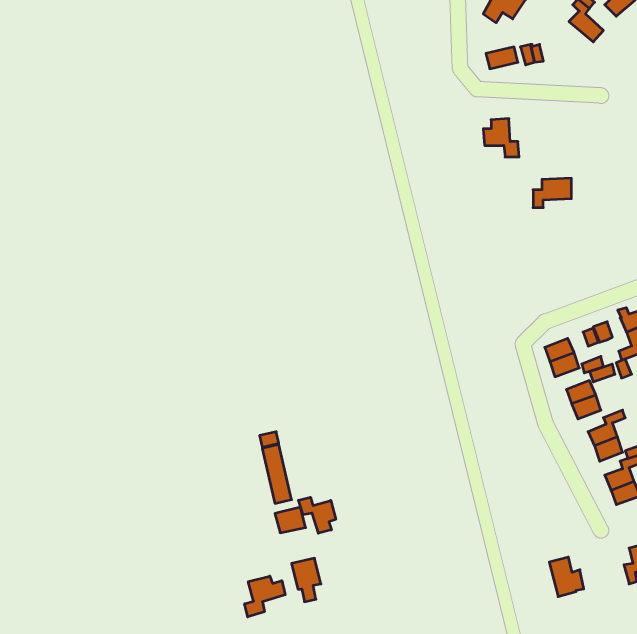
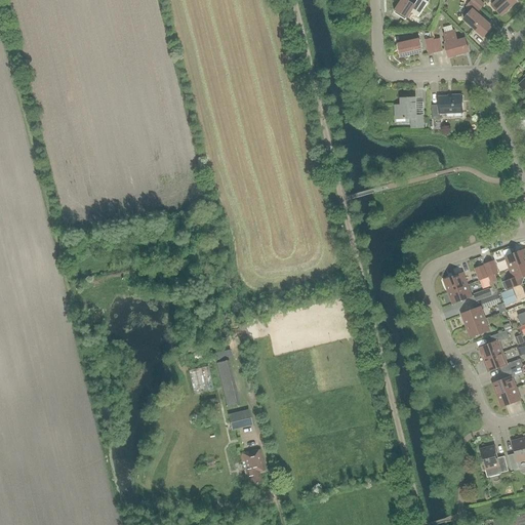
building: none -> [443,28,469,55]
building: [533,178,571,208] -> [432,94,462,118]
building: [298,497,336,533] -> none
building: [549,557,584,597] -> [480,444,508,476]
building: [245,576,285,617] -> none

